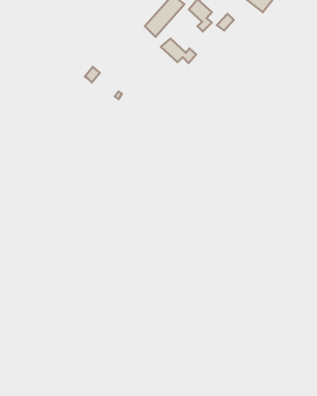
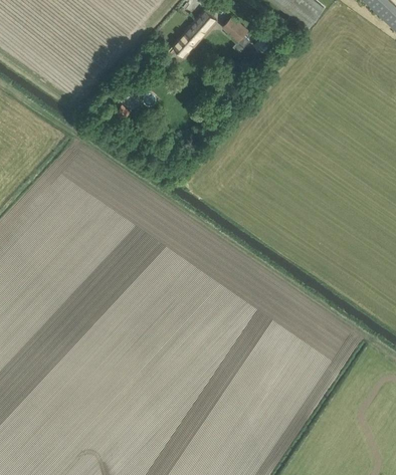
building: [161,38,196,63] -> none

